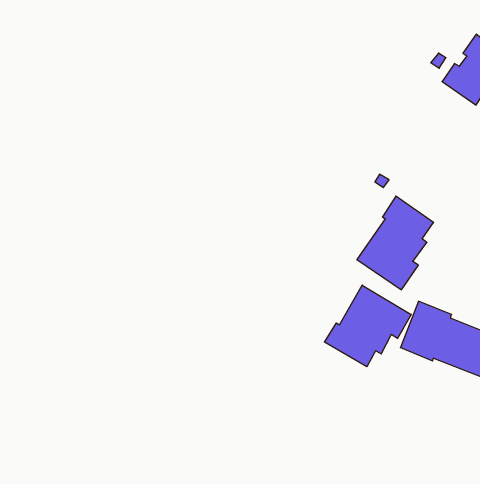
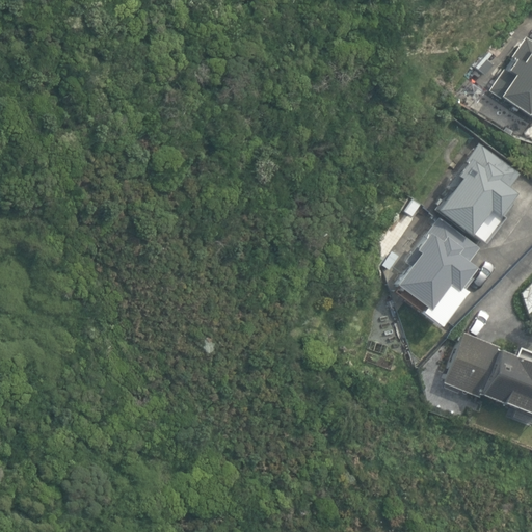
building: none -> [435,143,520,243]
building: [324,285,411,367] -> none

